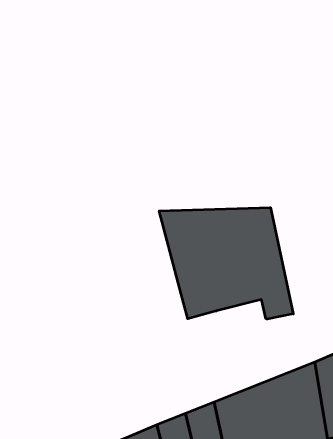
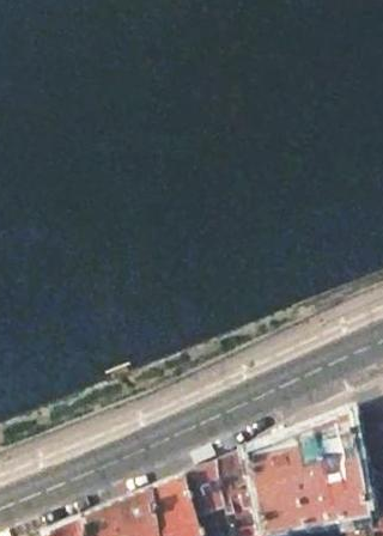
building: [159,208,293,319] -> none

